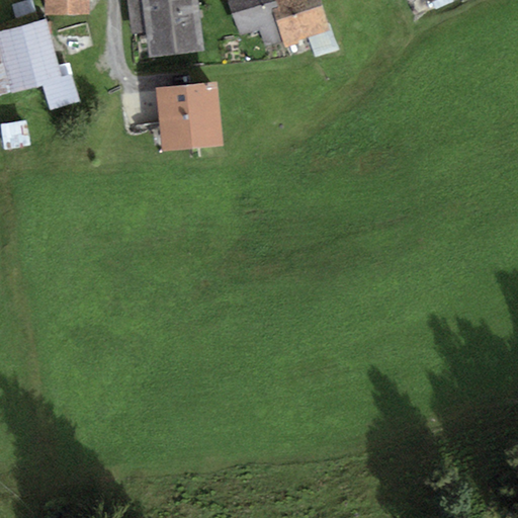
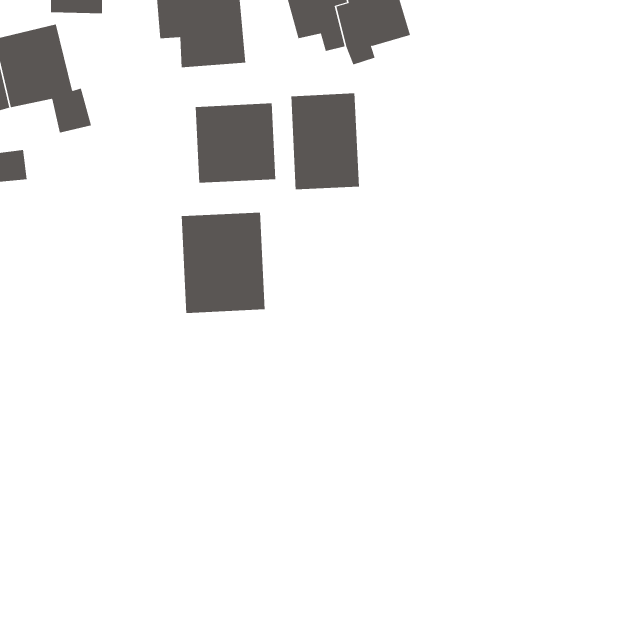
building: none -> [291,93,359,190]
building: none -> [181,212,265,314]

